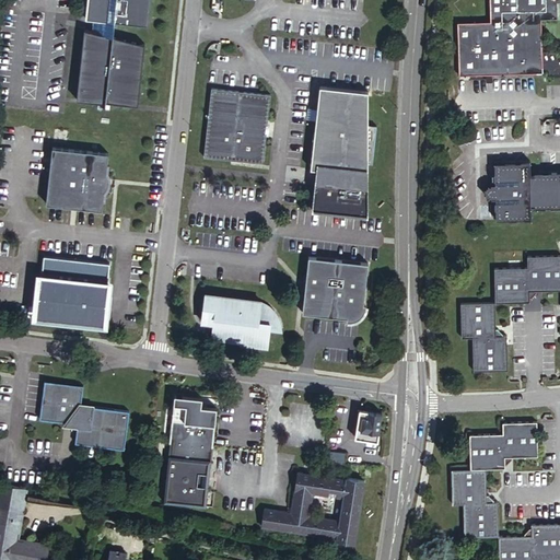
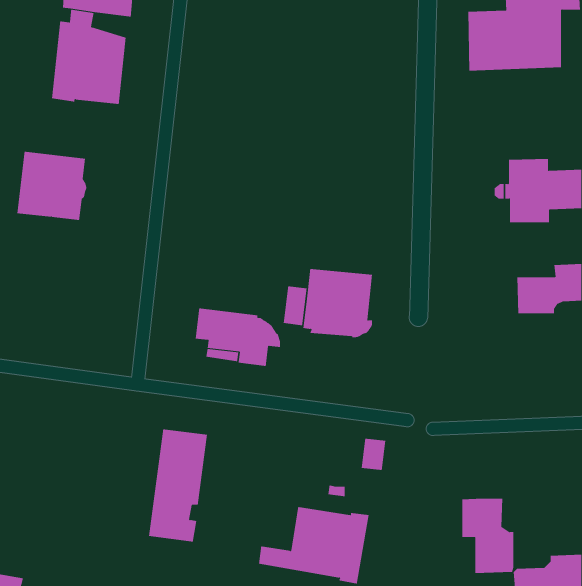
building: [308,88,374,218] -> none
building: [203,90,268,164] -> none
building: [38,260,110,325] -> none
building: none -> [283,285,307,326]
building: [465,300,511,368] -> none
building: [37,382,129,451] -> none
building: [467,421,539,468] -> none

